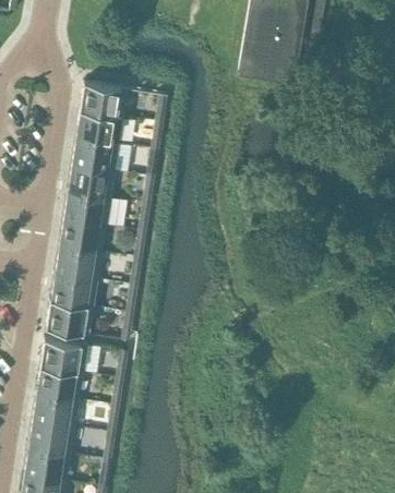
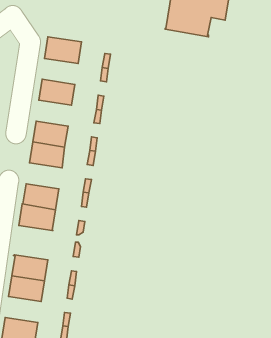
building: [75,109,122,143] -> none
building: [68,164,113,197] -> none
building: [55,245,101,279] -> none
building: [39,337,87,372] -> none
building: [27,420,74,454] -> none

